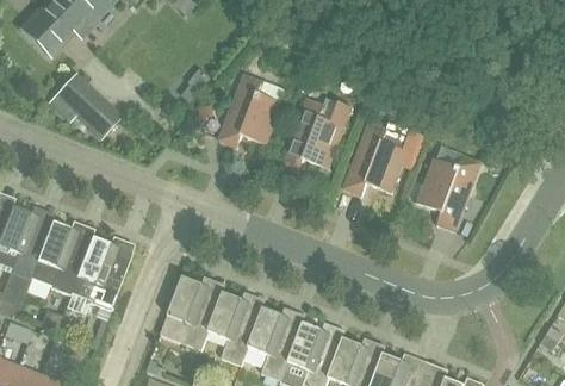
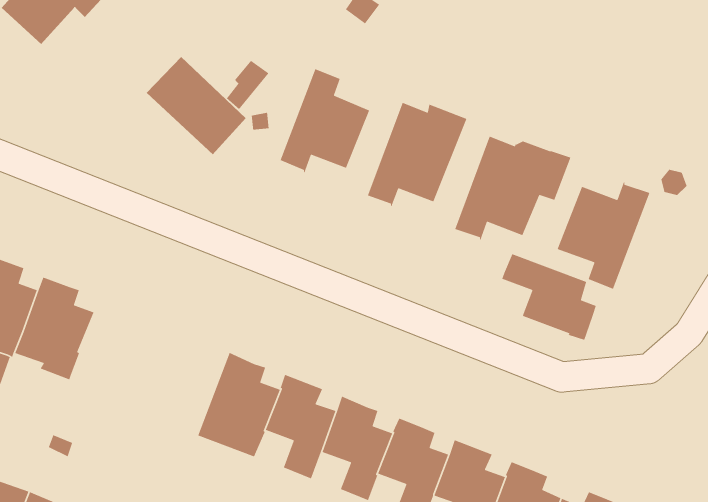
building: [50,70,122,141] -> [146,56,247,155]
building: none -> [501,253,597,341]
building: [70,235,128,310] -> none

